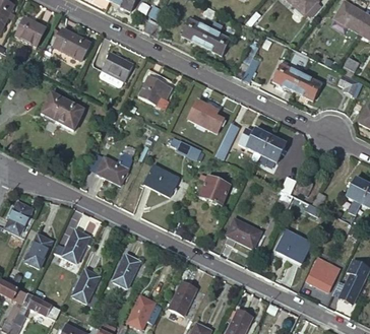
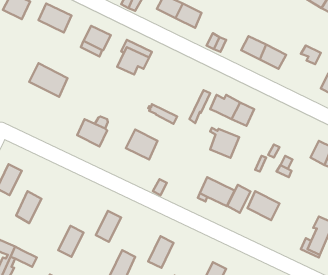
building: [186,98,222,132] -> none
building: [199,173,231,205] -> [210,128,239,158]
building: none -> [227,185,250,213]
building: [63,229,95,263] -> none
building: [309,256,342,289] -> none

